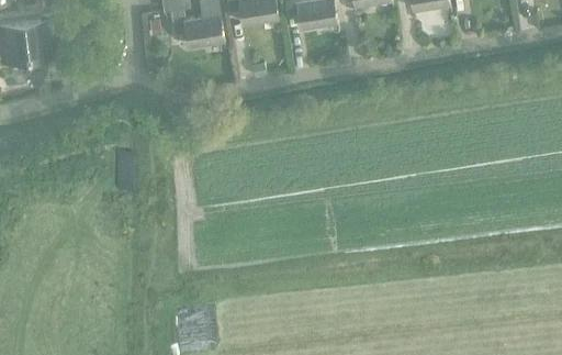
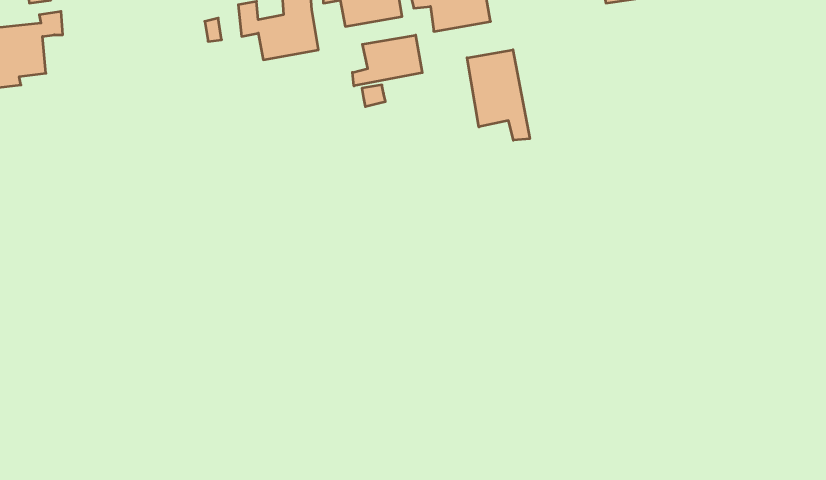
building: none -> [352,35,422,86]
building: none -> [467,50,530,140]

